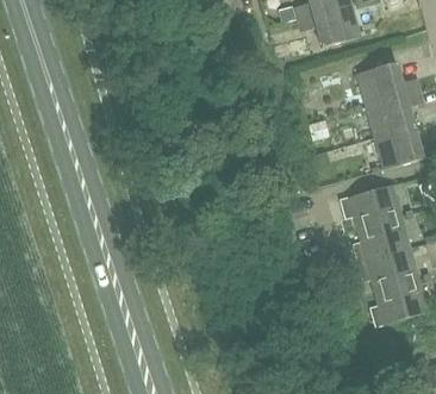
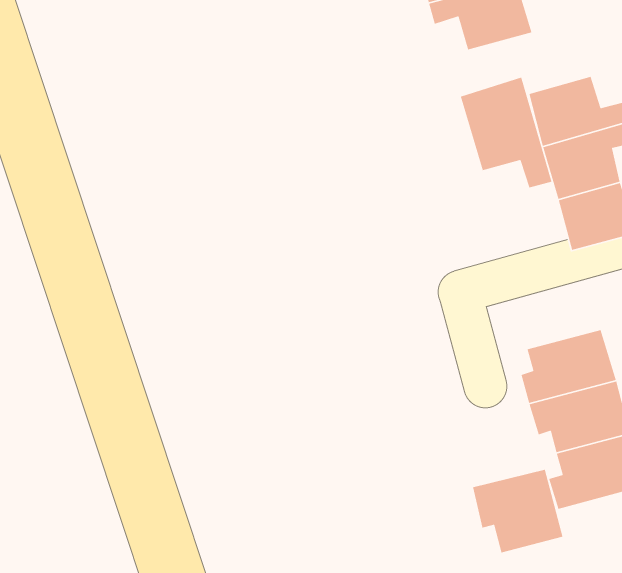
building: none -> [460,76,552,189]
building: [340,183,401,229] -> none
building: none -> [472,469,564,554]

